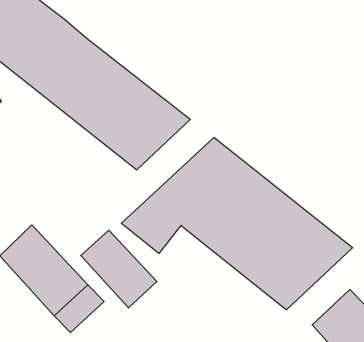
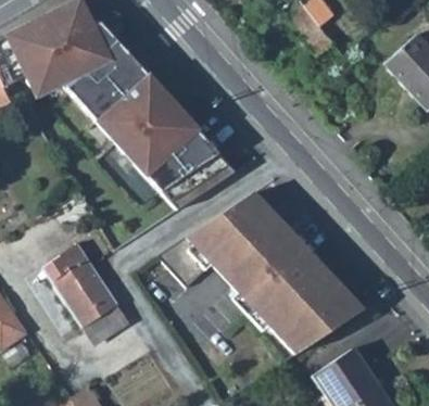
building: [81,230,157,308] -> none

